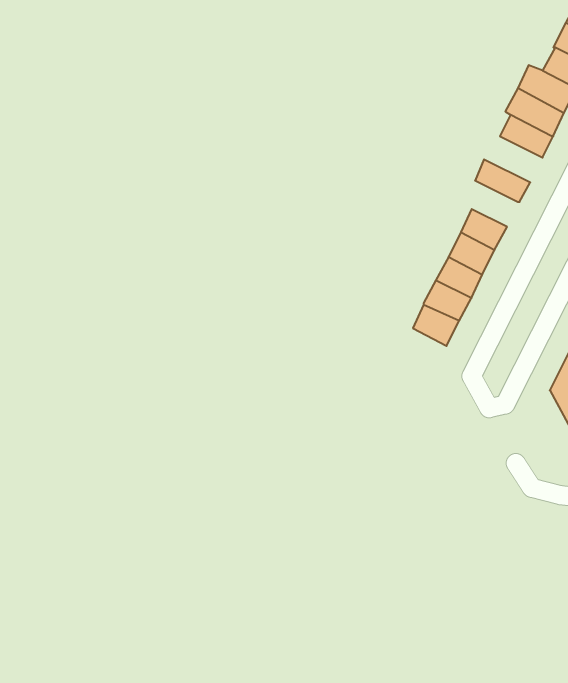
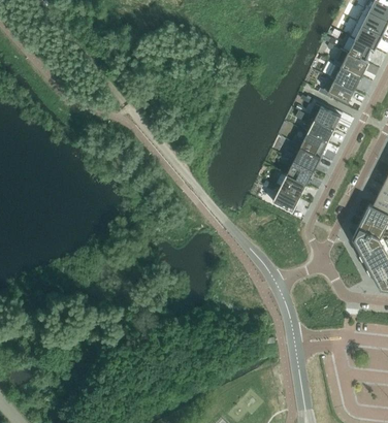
building: none -> [296,111,335,143]

